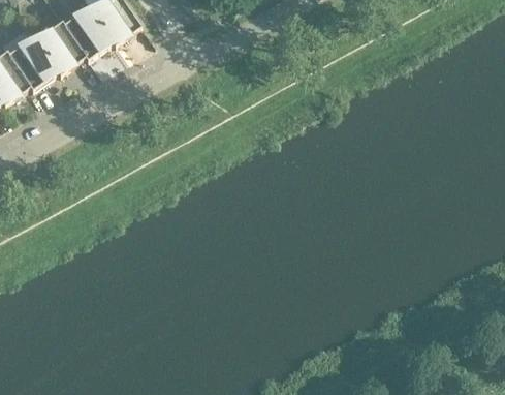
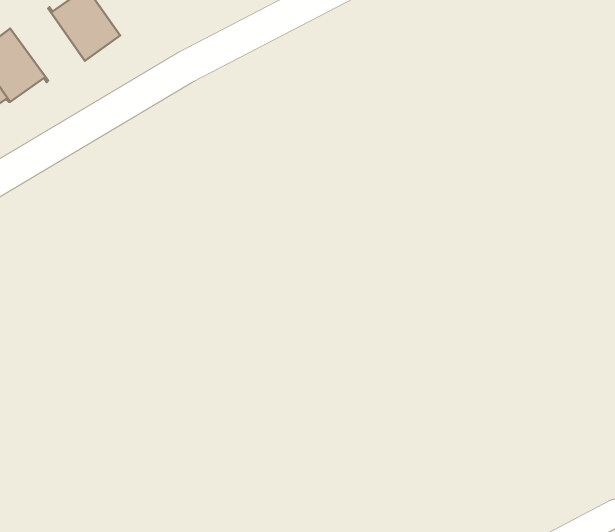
building: [55,7,109,60] -> none

